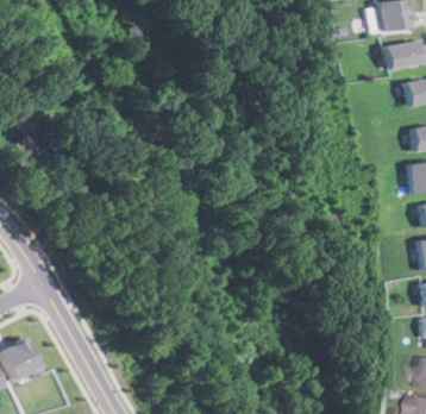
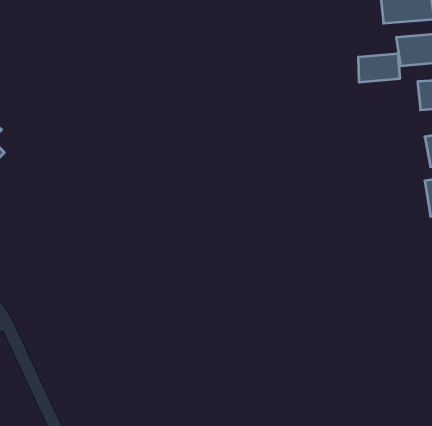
building: none -> [358,53,400,82]

